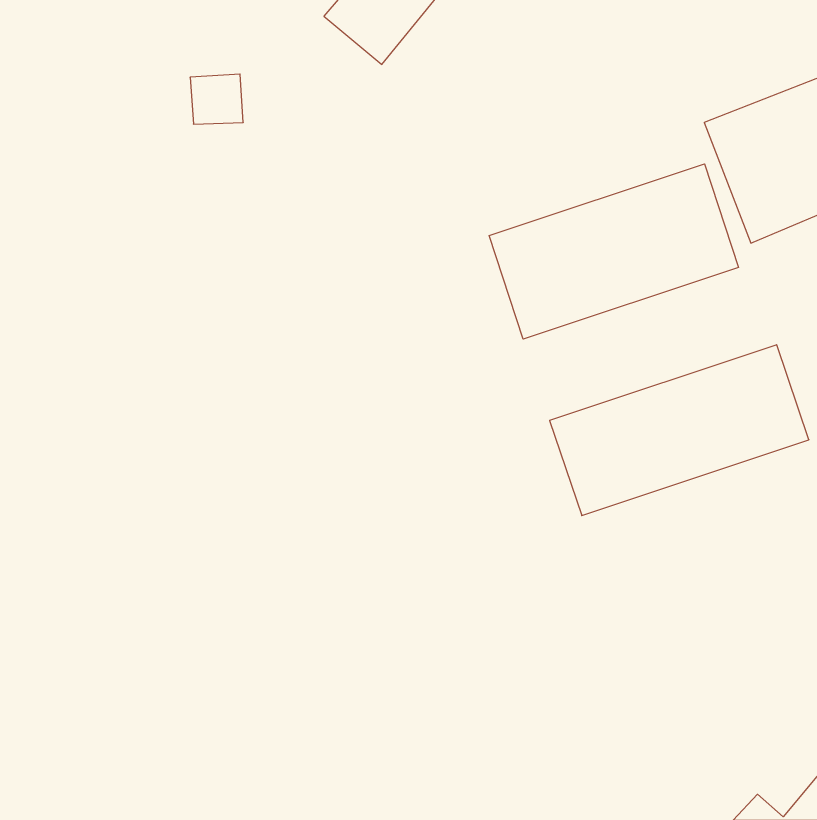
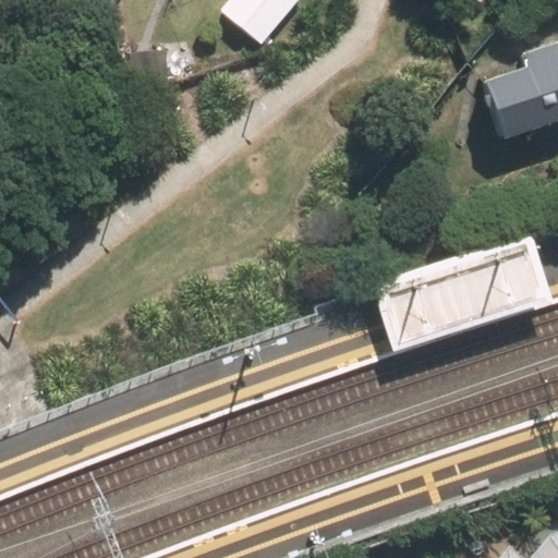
building: [489,164,738,339] -> none

